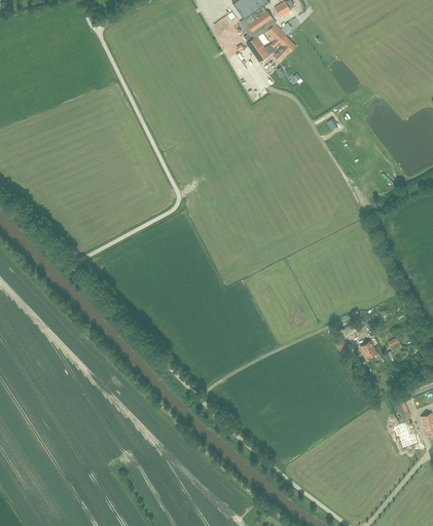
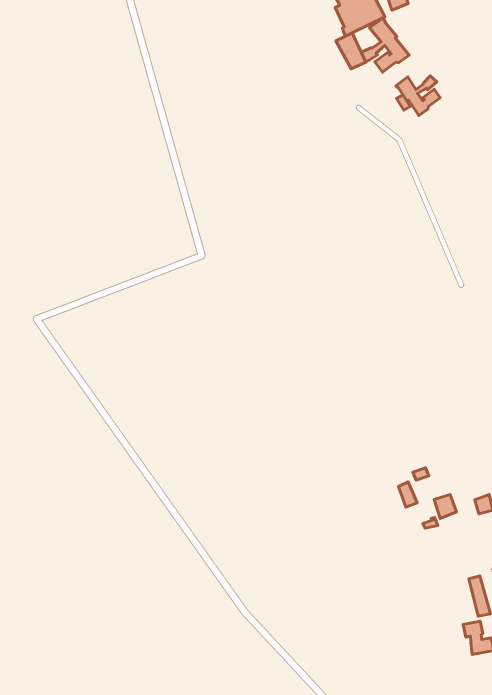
building: none -> [396,76,440,116]

